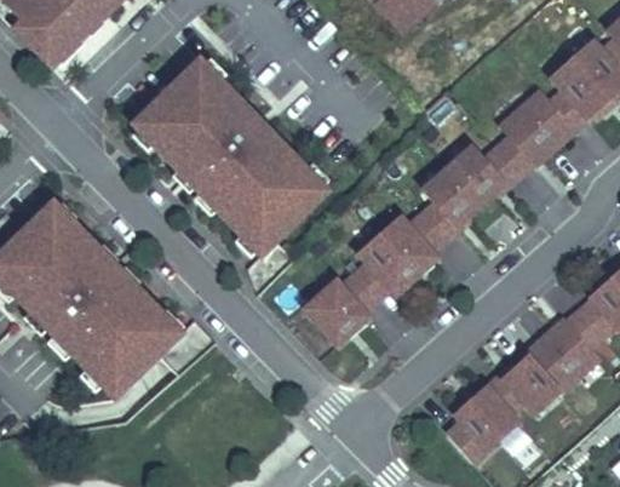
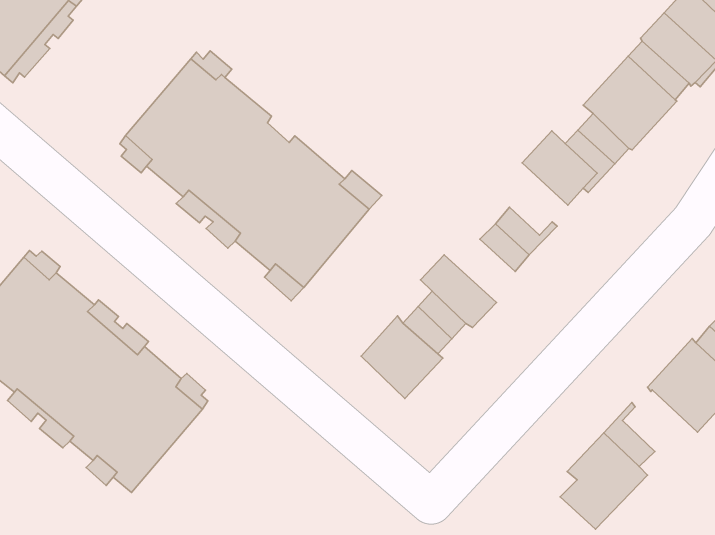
building: [424,166,481,224] -> none
building: [380,213,438,274] -> none
building: [509,354,567,413] -> none

